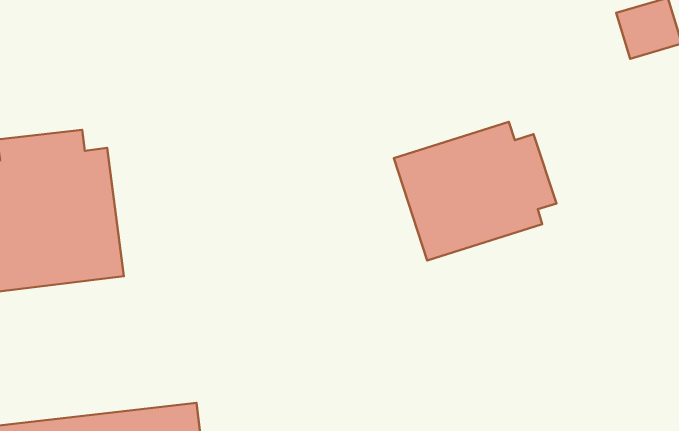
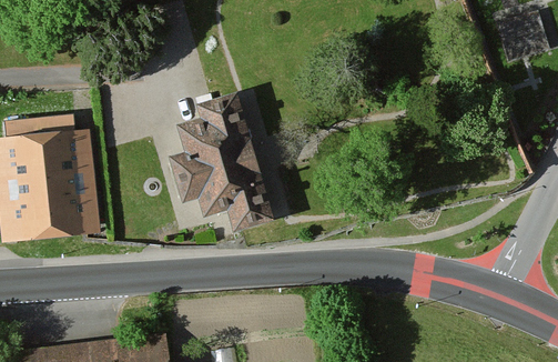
building: none -> [169,91,278,228]
building: [394,122,557,260] -> none

